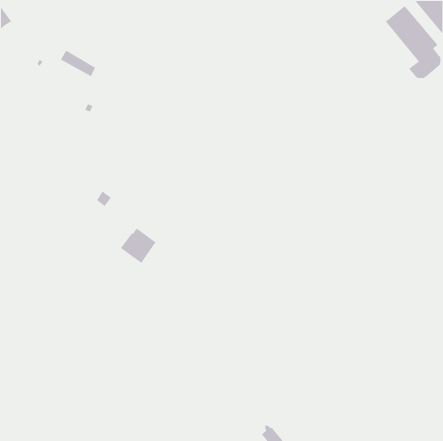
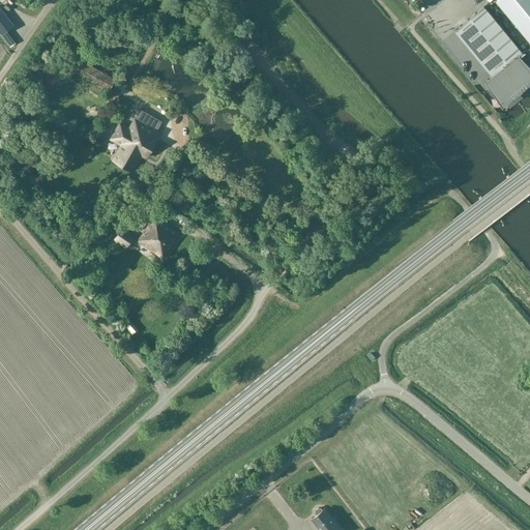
building: none -> [110,112,159,174]
building: [120,227,156,264] -> [137,218,180,262]

